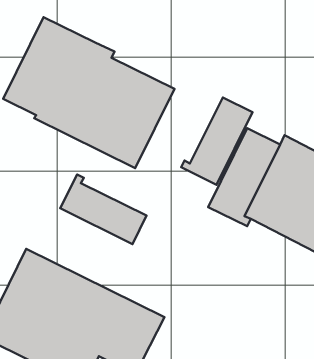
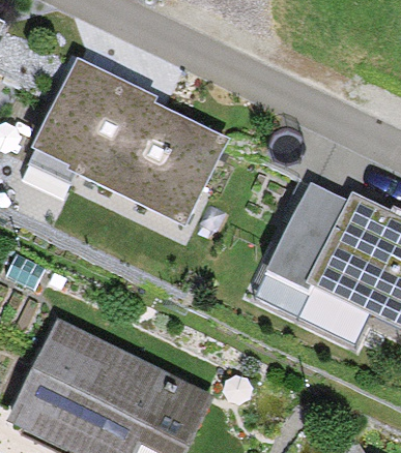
building: [181,97,253,185] -> none
building: [60,175,147,244] -> none

